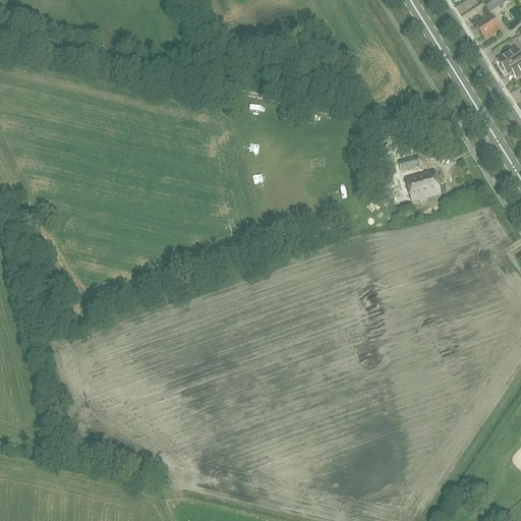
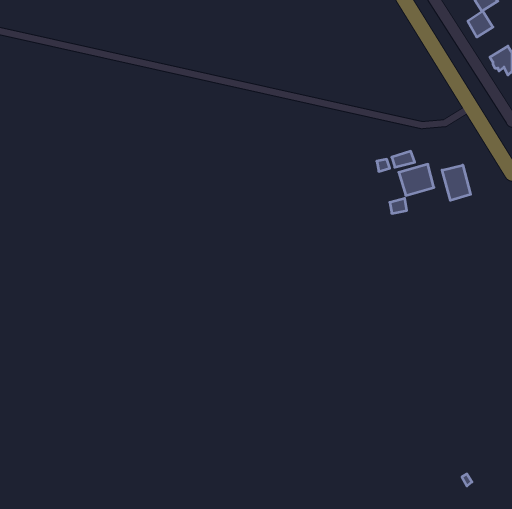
building: none -> [442,165,471,200]

